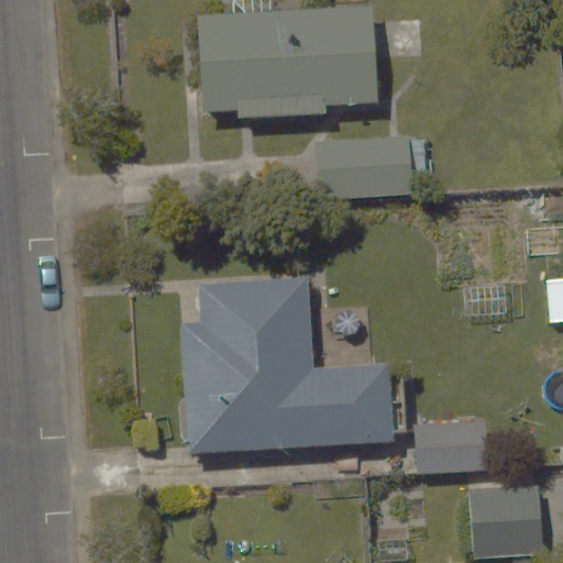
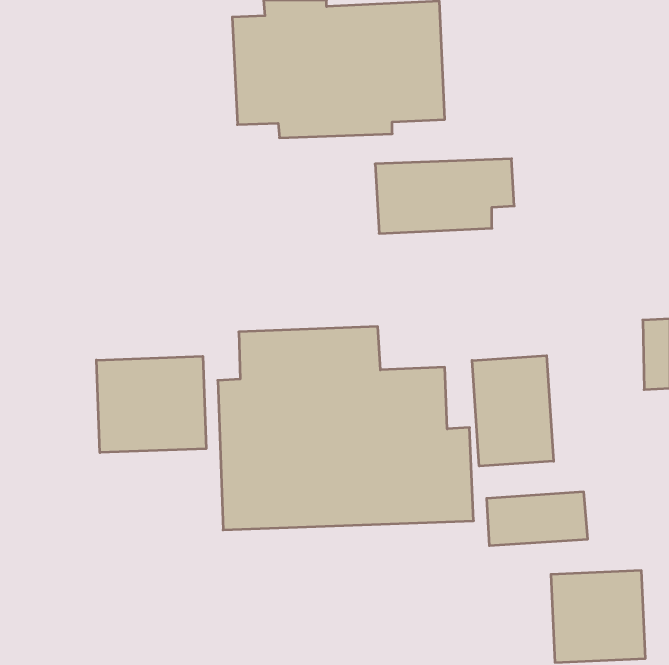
building: none -> [472,356,554,466]
building: none -> [96,356,206,453]

